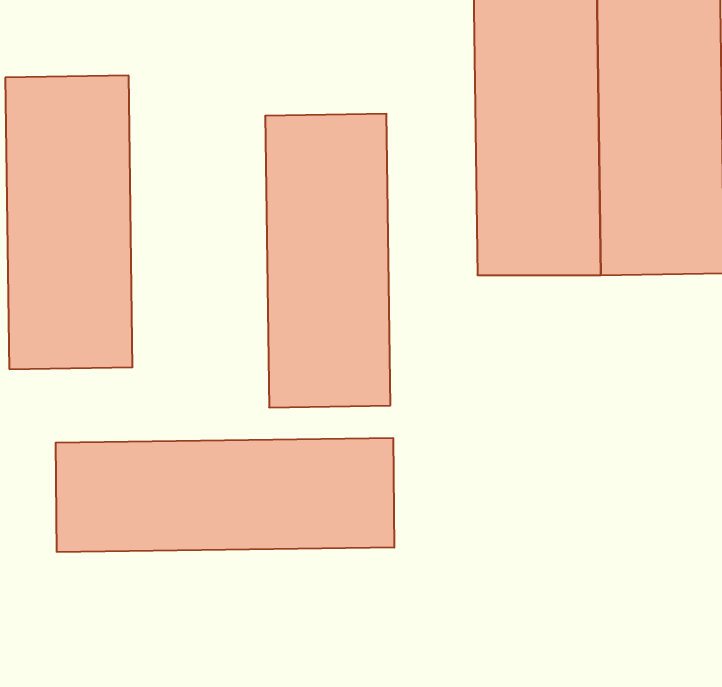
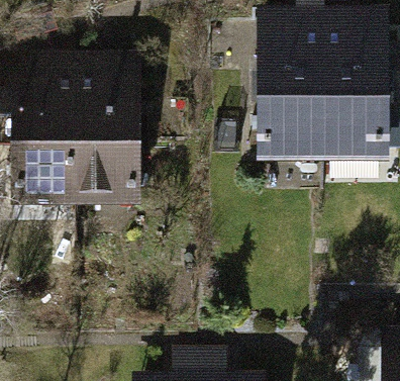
building: [265,114,390,407] -> [78,55,142,206]
building: [56,438,394,552] -> none

